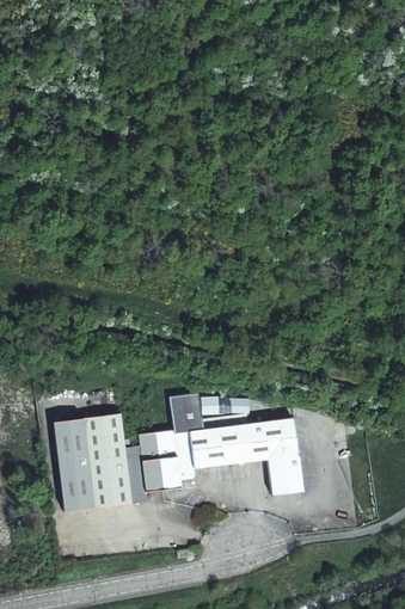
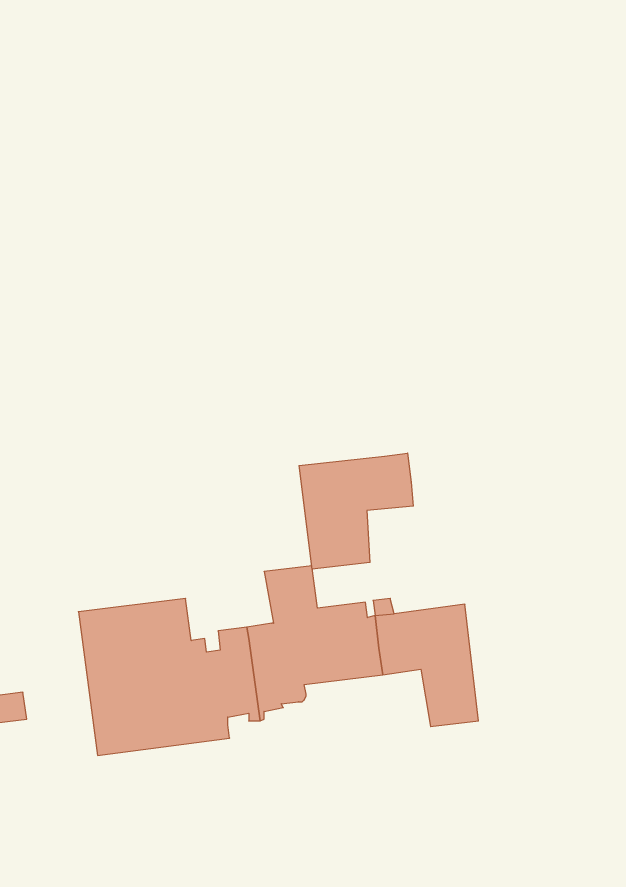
building: none -> [299,453,413,569]

